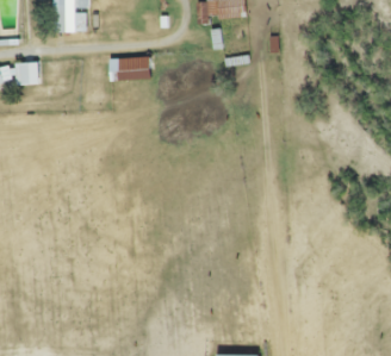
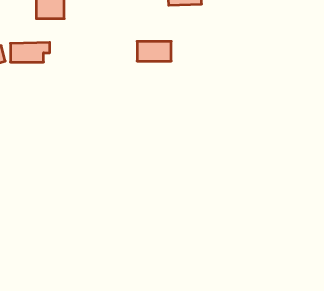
building: [111,57,150,80] -> [137,41,171,61]

